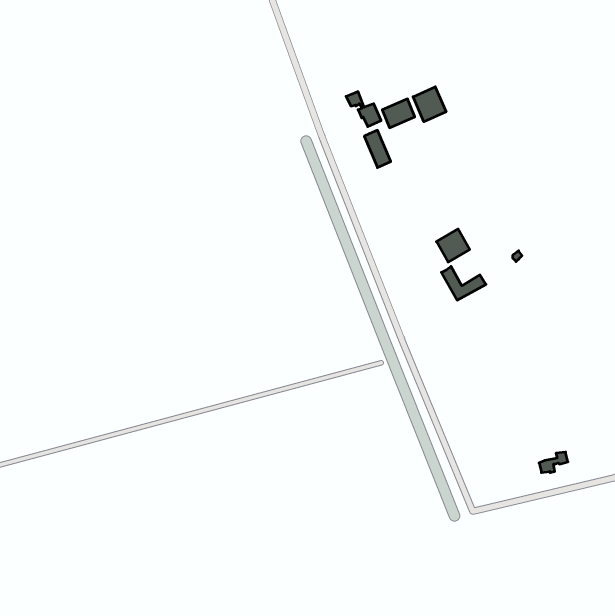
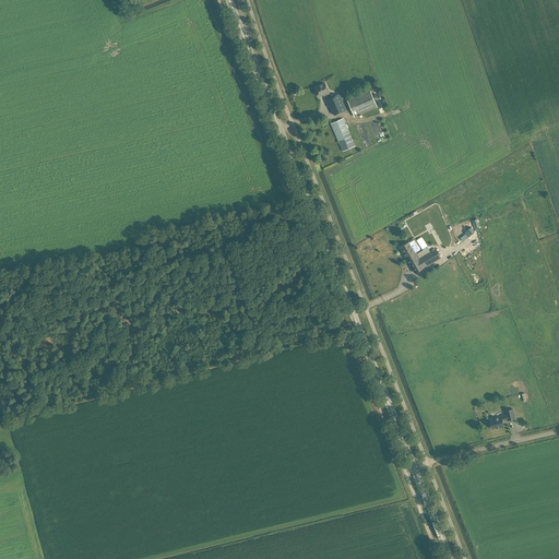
building: [413,87,446,122] -> none
building: [436,229,470,262] -> none

